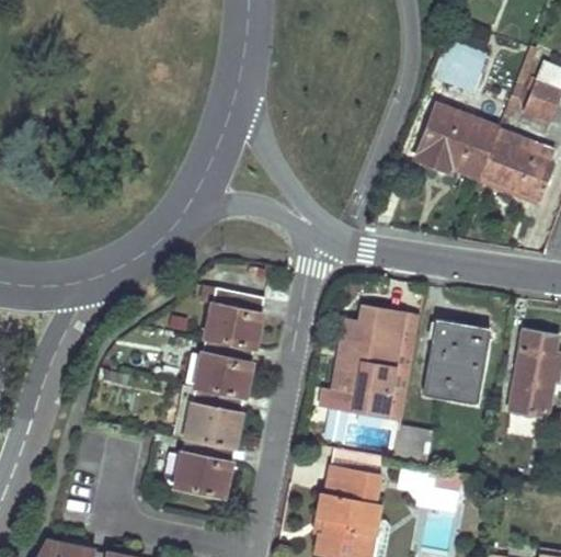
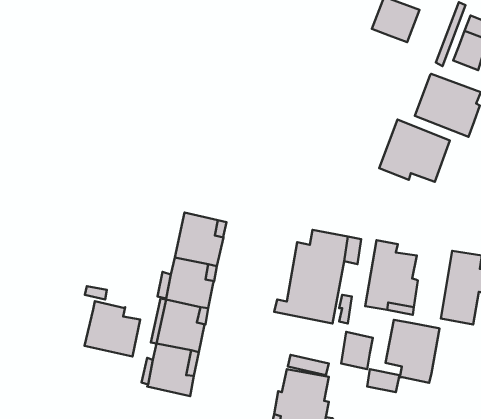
building: [416,104,497,175] -> [379,120,450,182]
building: none -> [84,301,140,356]
building: none -> [385,320,439,383]

